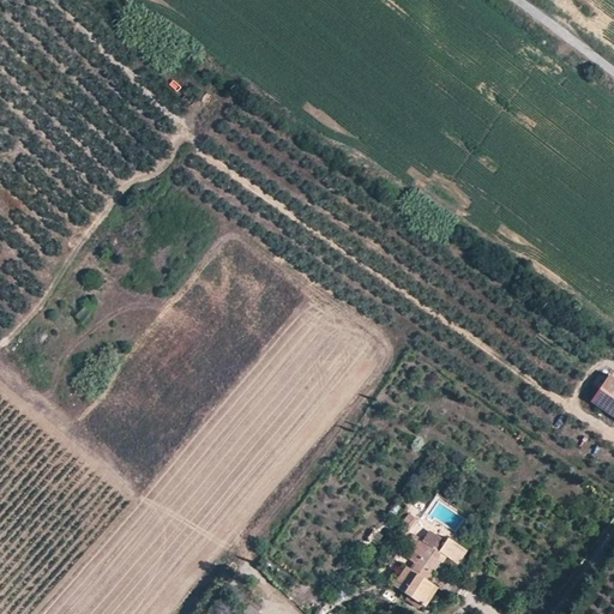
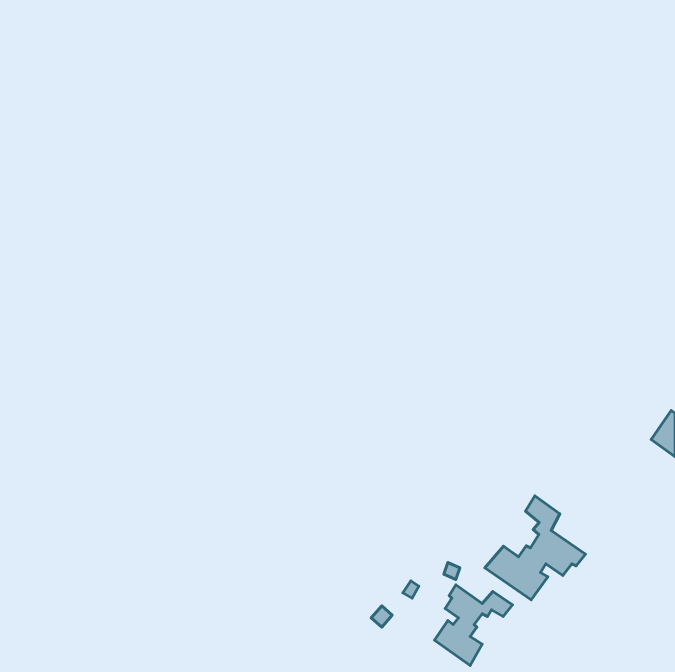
building: none -> [485,496,585,600]

